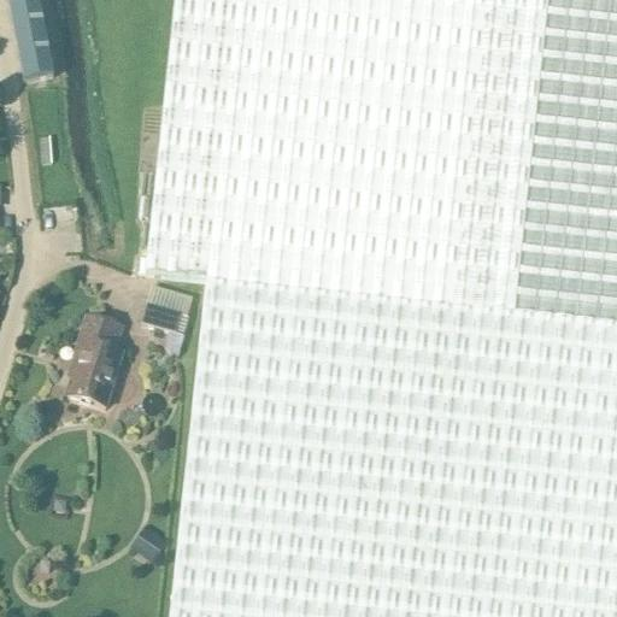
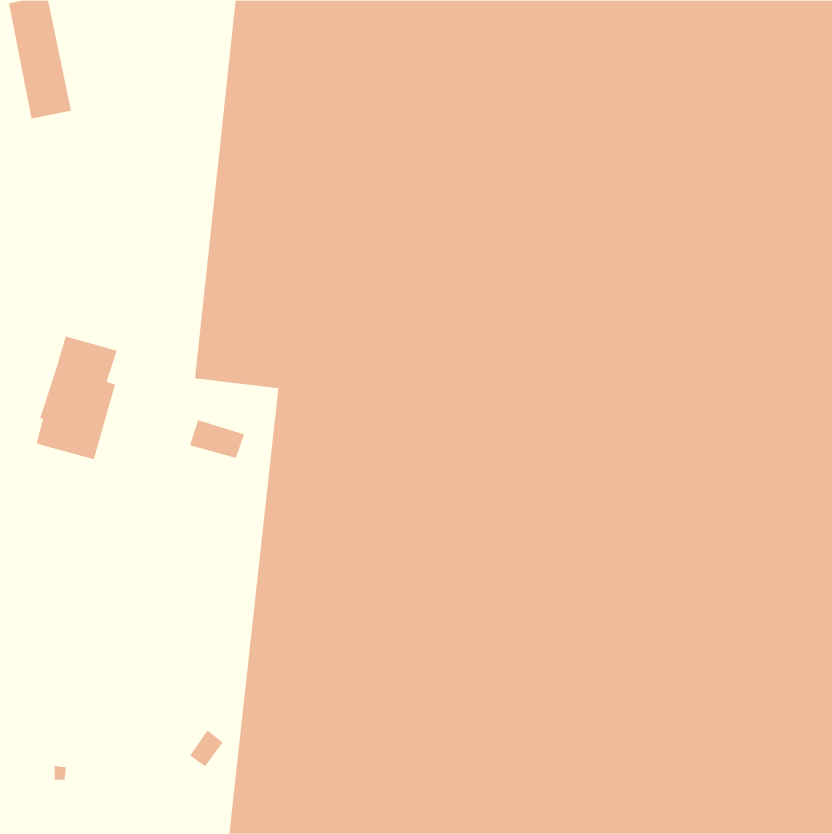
building: [64,322,124,413] -> [36,336,117,460]

